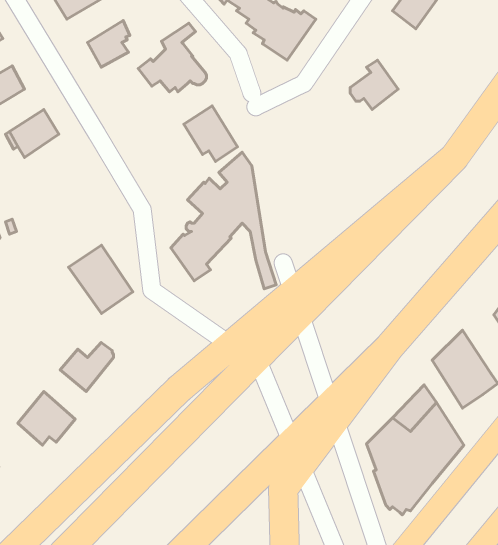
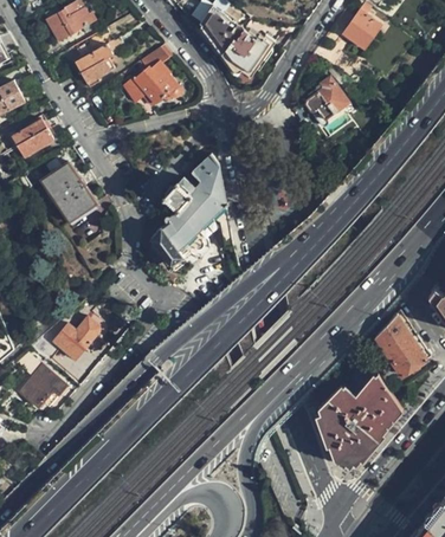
building: [184,106,238,162] -> none
building: [69,245,133,314] -> [41,162,97,221]

